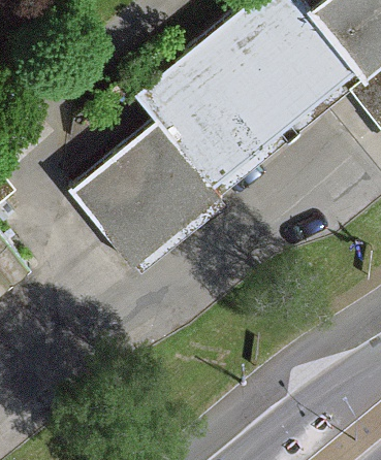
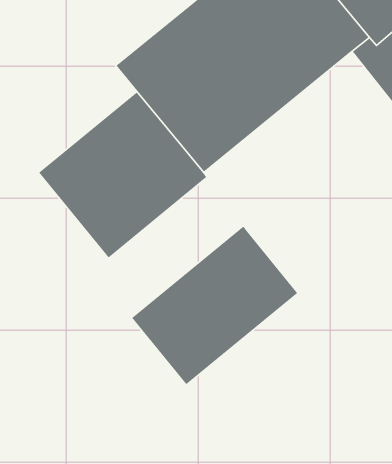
building: none -> [131,226,298,385]

